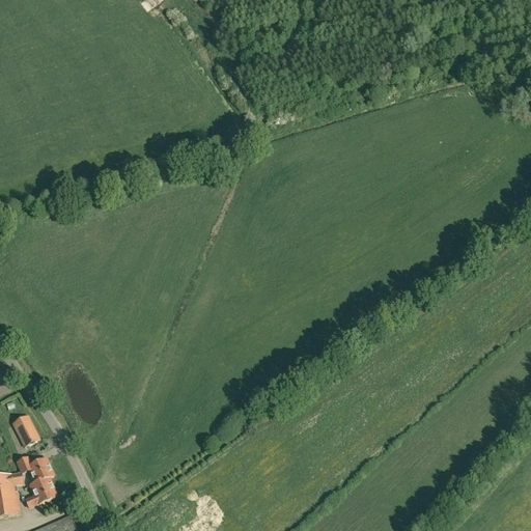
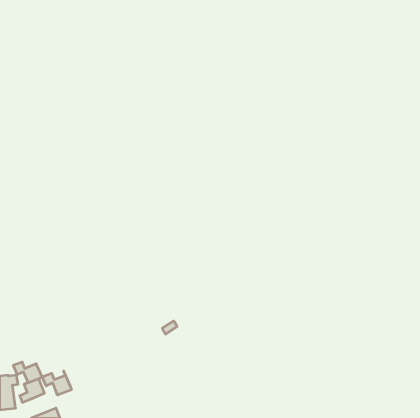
building: [12,414,39,446] -> none
building: none -> [42,371,71,395]

